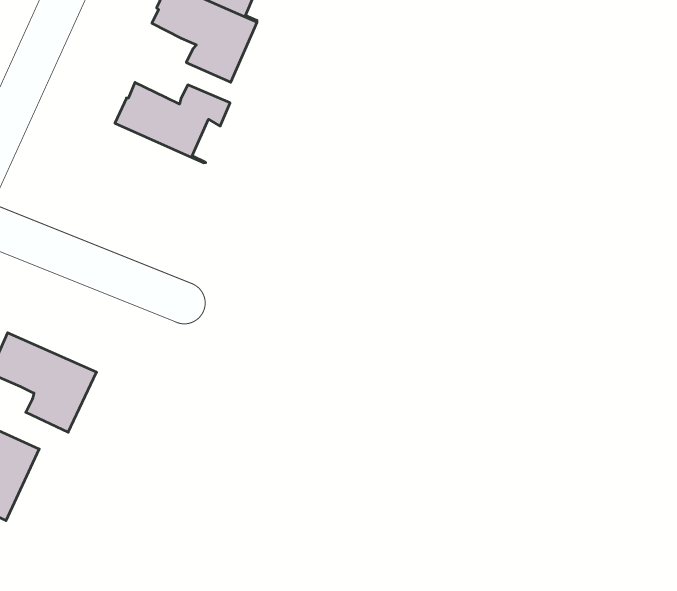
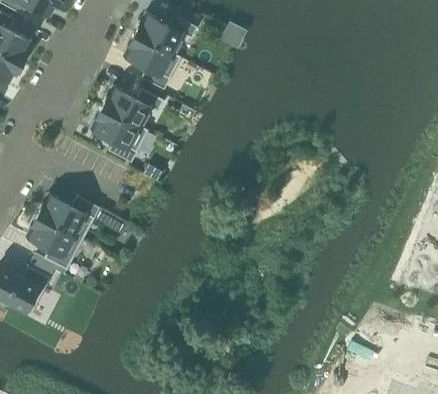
building: none -> [91,106,147,161]
building: none -> [37,193,99,238]

